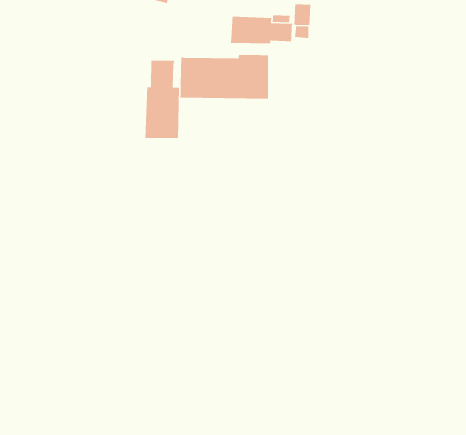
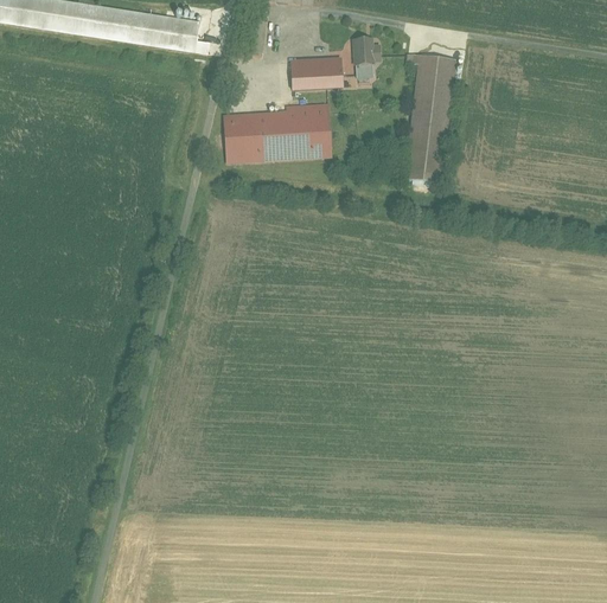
building: none -> [403,51,455,180]
building: [144,60,180,139] -> none

